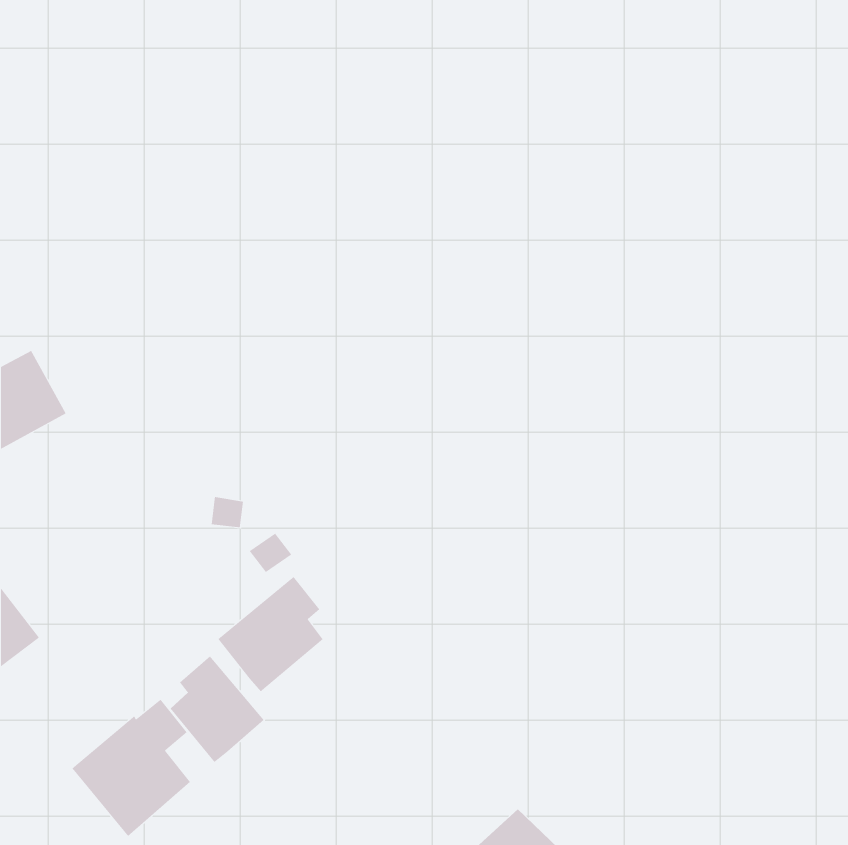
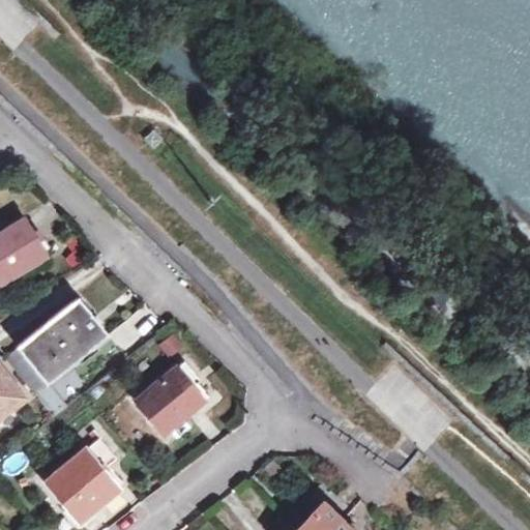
building: none -> [5,300,108,395]
building: [170,655,264,763] -> none

